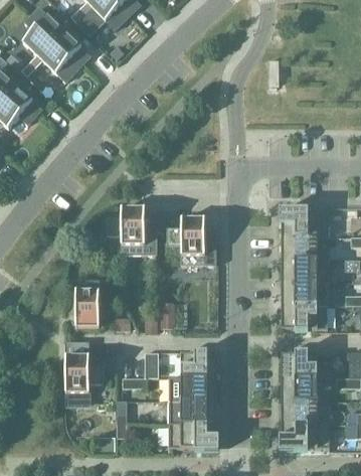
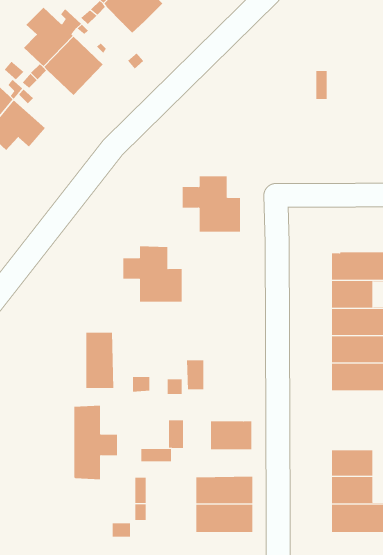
building: [167,218,216,266] -> [182,176,241,232]
building: [282,354,317,378] -> none
building: [168,378,216,402] -> none

